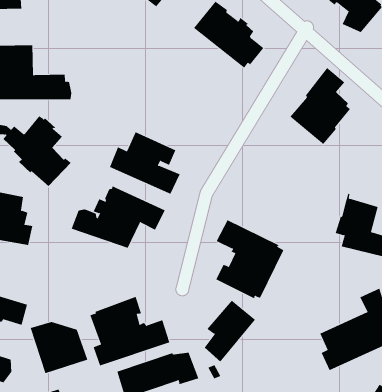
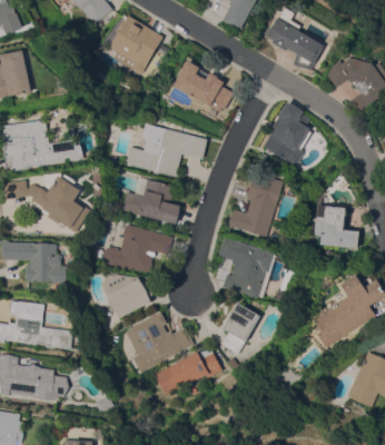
building: none -> [126,123,207,177]
building: none -> [227,172,282,237]
building: [30,321,88,374] -> [99,275,150,318]

